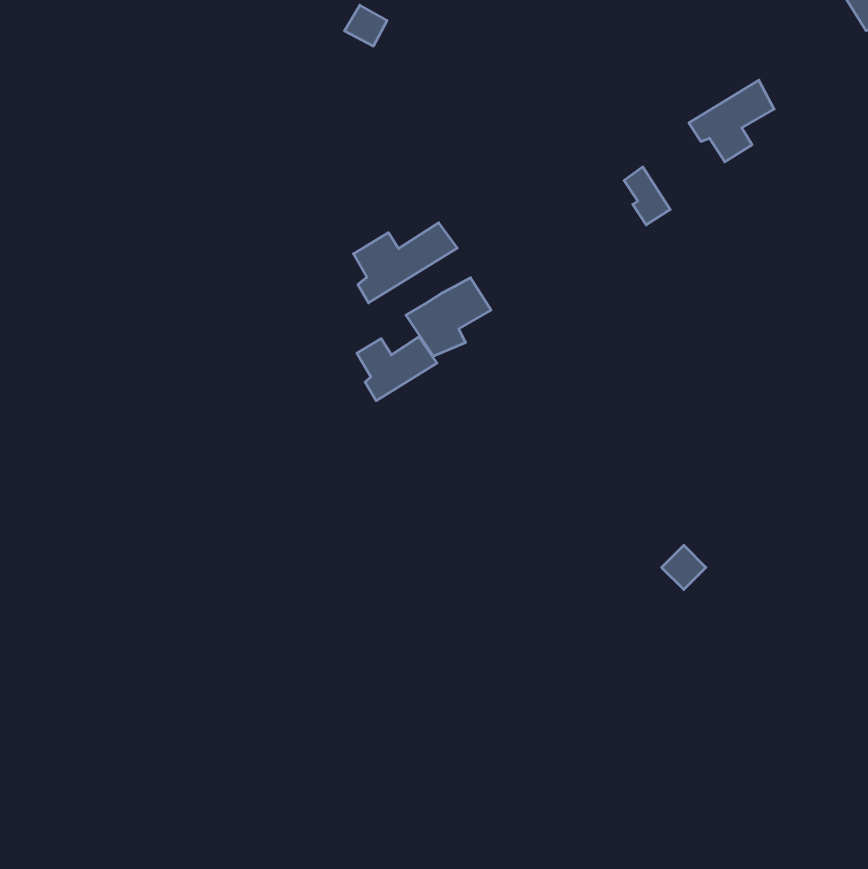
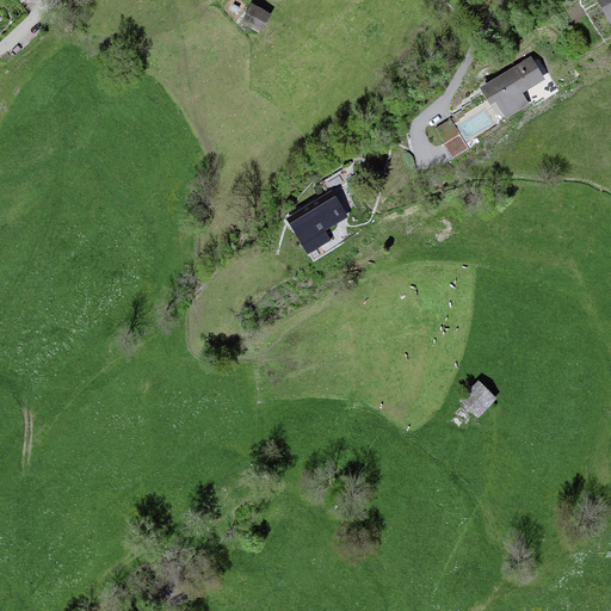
building: [353,223,457,303] -> none
building: [357,337,437,401] -> none

